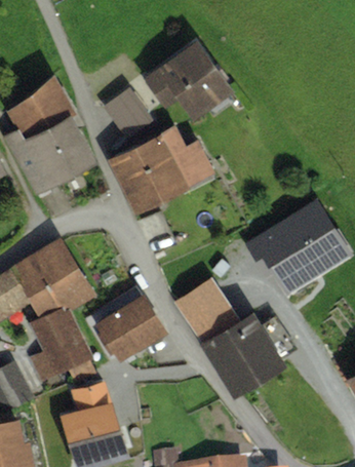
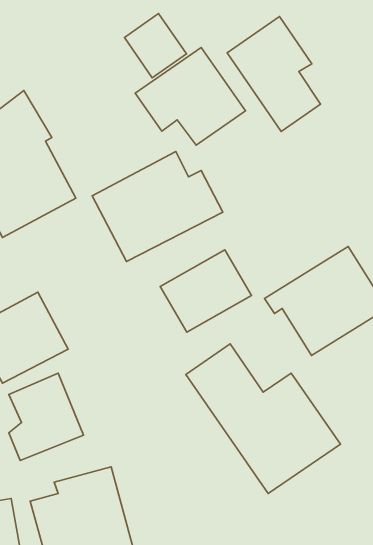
building: none -> [227,17,320,131]
building: [100,87,150,140] -> [124,13,186,78]
building: [87,290,161,357] -> [160,250,251,332]

